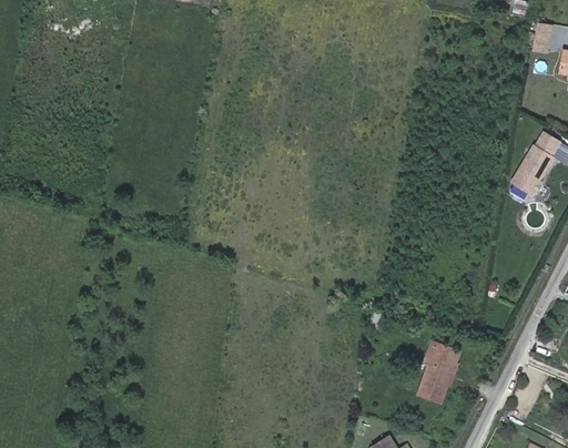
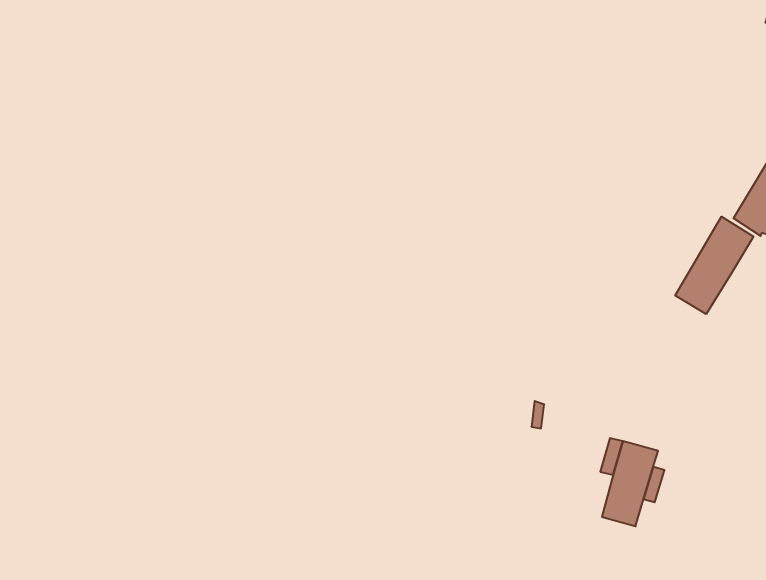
building: none -> [675,217,753,314]

